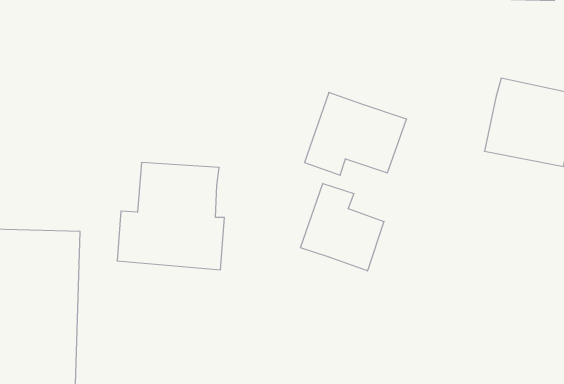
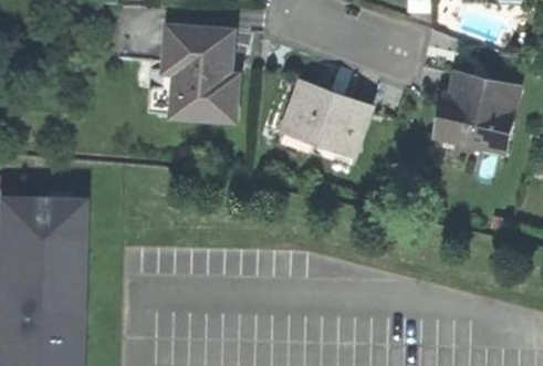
building: [117,163,224,270] -> [146,24,239,117]
building: [301,183,384,271] -> none

